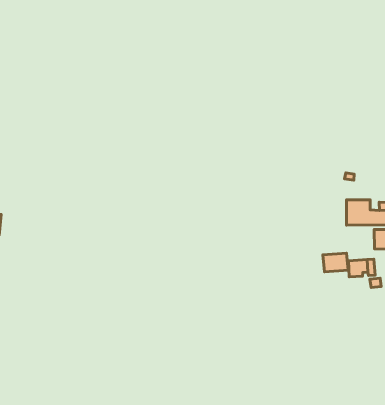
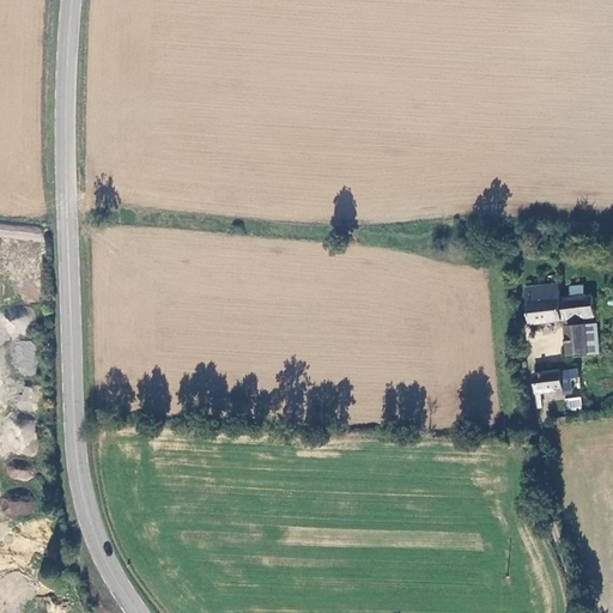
building: [323,253,348,272] -> none

